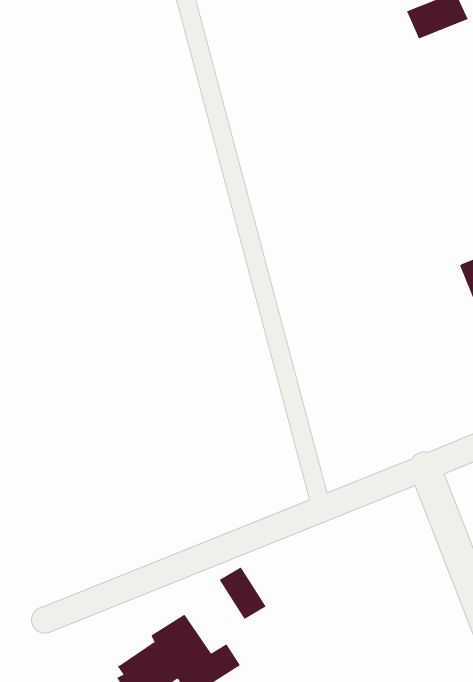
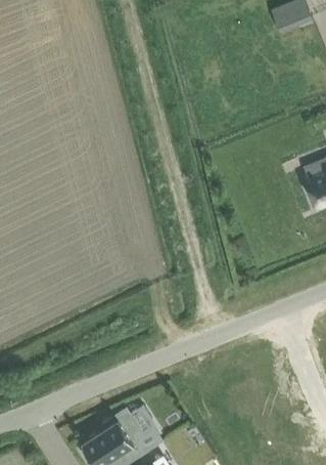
building: [219,566,267,620] -> none

